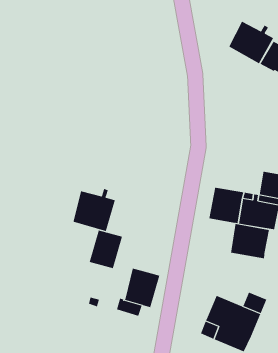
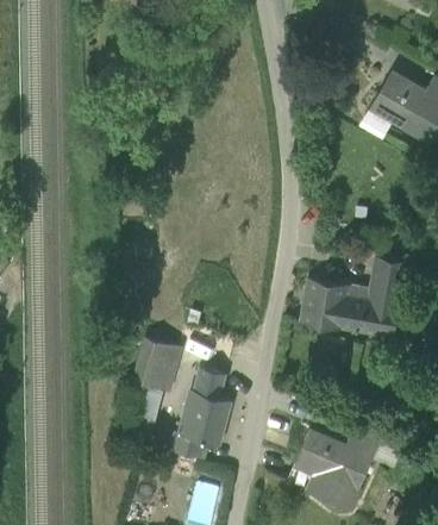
building: [228,21,274,64] -> none
building: [73,188,115,232] -> none
building: [230,223,270,259] -> none
building: none -> [193,367,226,398]

